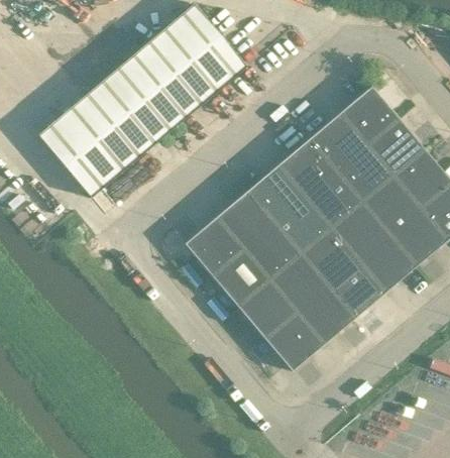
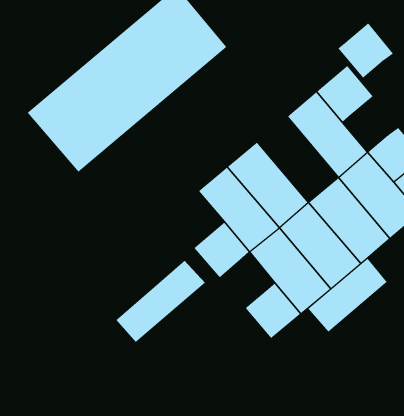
building: [366,117,425,176] -> [338,22,394,79]
building: [277,138,362,228] -> none
building: [184,216,243,275] -> none
building: [238,279,296,338] -> none
building: none -> [307,258,388,333]
building: none -> [116,260,206,343]

